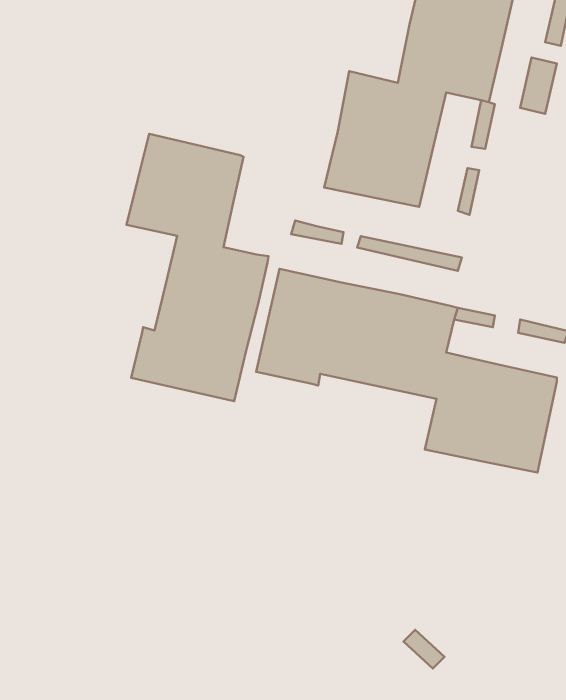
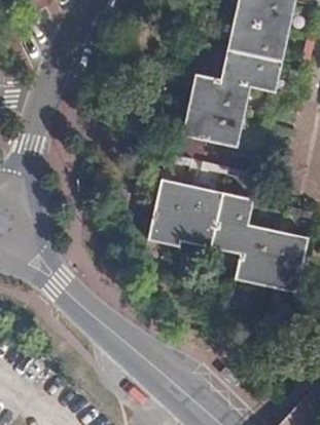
building: [126,134,269,401] -> none

